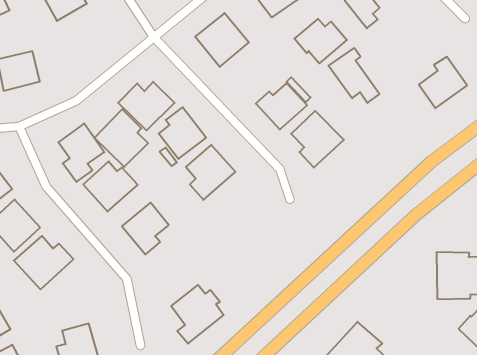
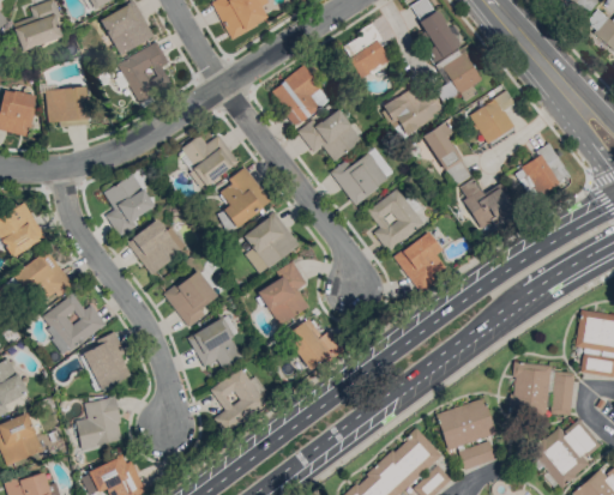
building: none -> [118,42,171,102]
building: none -> [469,91,514,144]
building: none -> [297,108,362,161]
building: none -> [458,179,513,229]
building: [94,109,148,167] -> none
building: none -> [392,230,445,292]
building: none -> [258,260,308,325]
building: none -> [285,319,342,369]
building: none -> [187,315,242,368]
building: none -> [82,334,132,388]
building: none -> [438,398,495,466]

